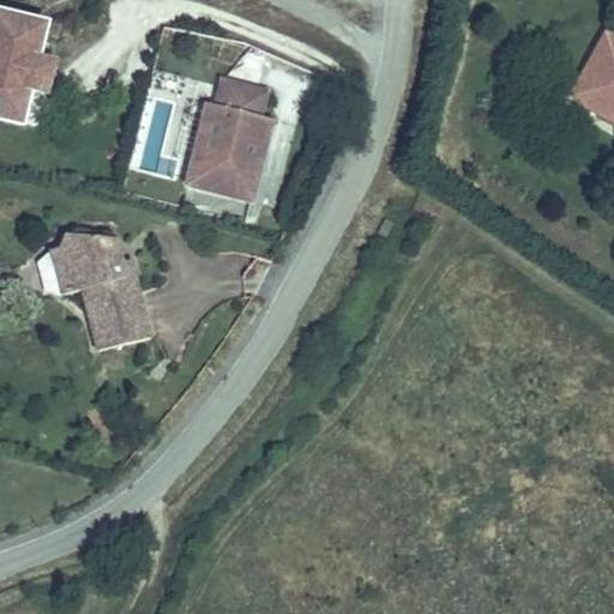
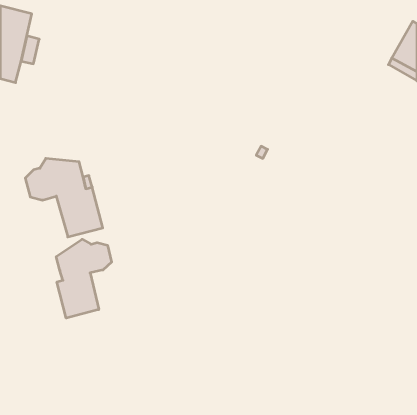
building: [186,78,271,200] -> none
building: none -> [56,239,112,318]

